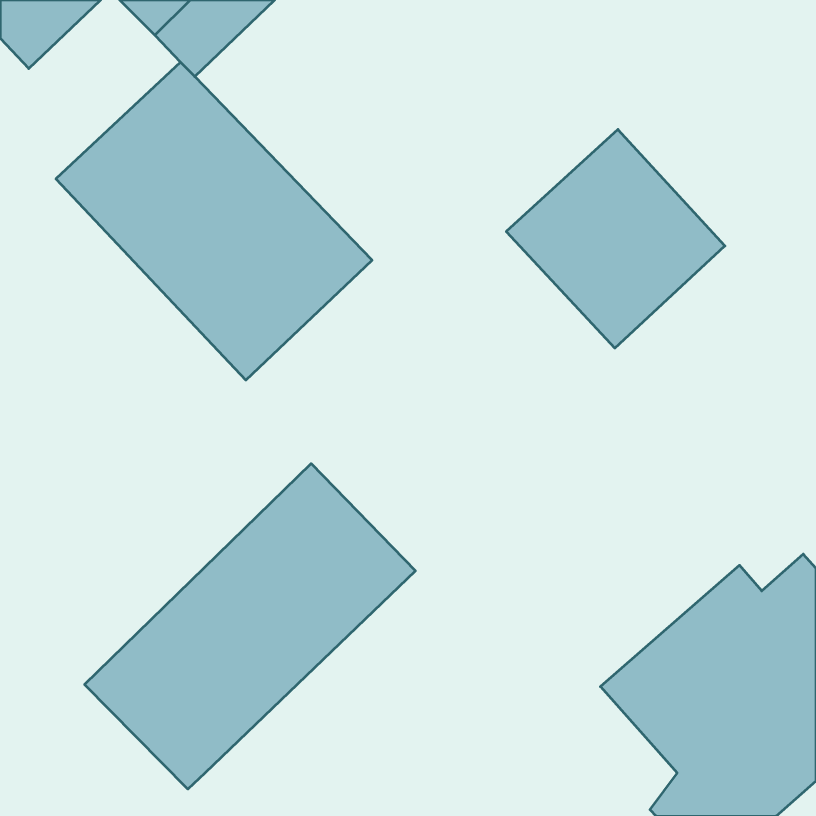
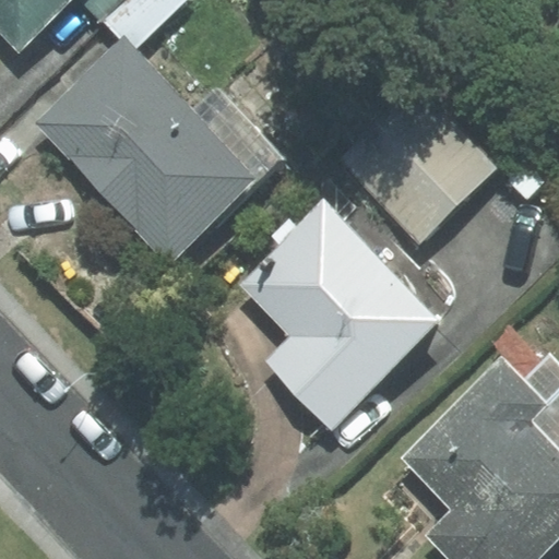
building: none -> [240,203,439,425]
building: [85,464,415,789] -> none

